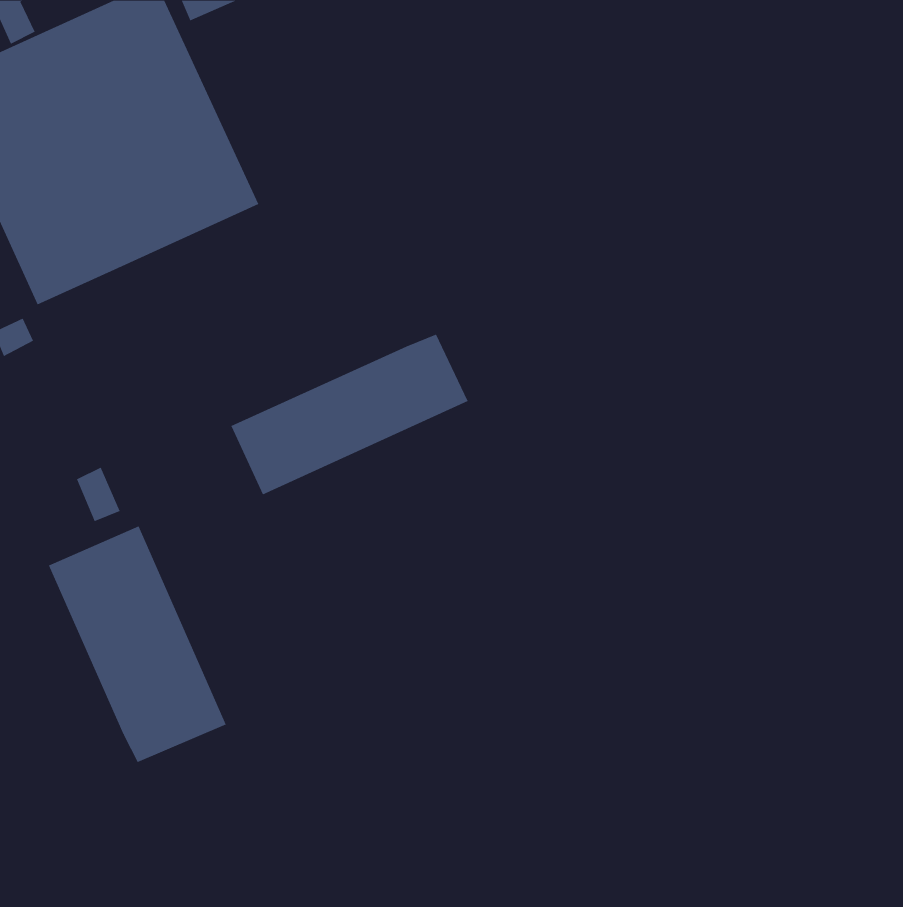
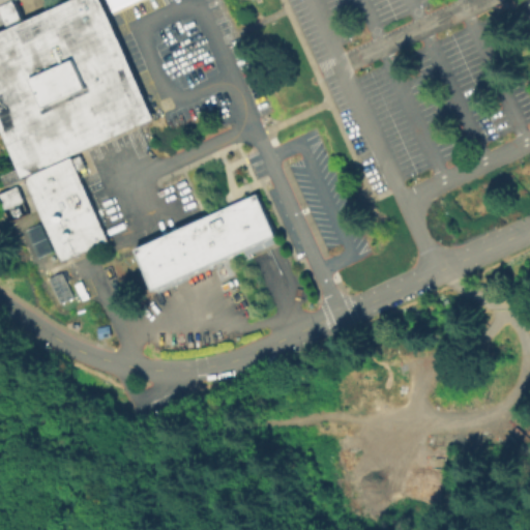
building: none -> [22,156,109,262]
building: [48,526,226,763] -> none

